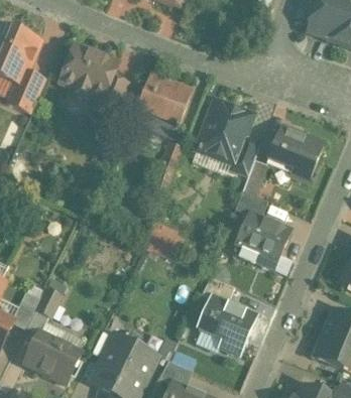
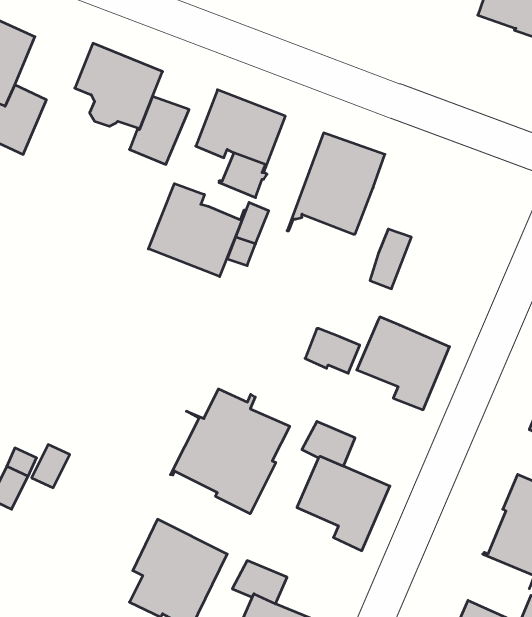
building: [268,126,324,181] -> none
building: none -> [148,184,246,277]
building: [231,133,261,173] -> none
building: [235,189,268,217] -> [305,329,360,373]
building: none -> [170,389,290,514]
building: [24,330,82,382] -> none

